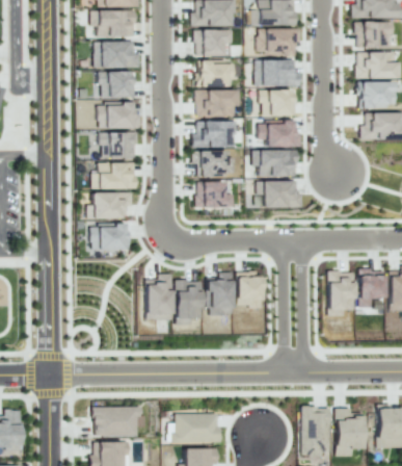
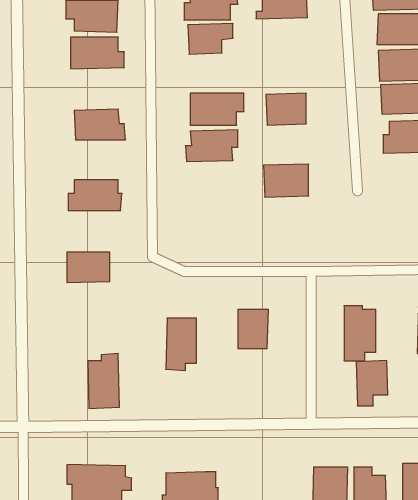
building: [258,28,300,55] -> none
building: [256,59,301,87] -> none
building: [197,61,235,87] -> none
building: [100,72,135,98] -> none
building: [259,121,301,148] -> none
building: [101,132,136,159] -> none
building: [192,151,236,176] -> none
building: [257,181,303,208] -> none
building: [196,182,235,208] -> none
building: [90,192,133,219] -> none
building: [358,269,385,308] -> [356,361,388,406]
building: [207,273,234,316] -> none
building: [146,274,173,320] -> [88,354,119,409]

